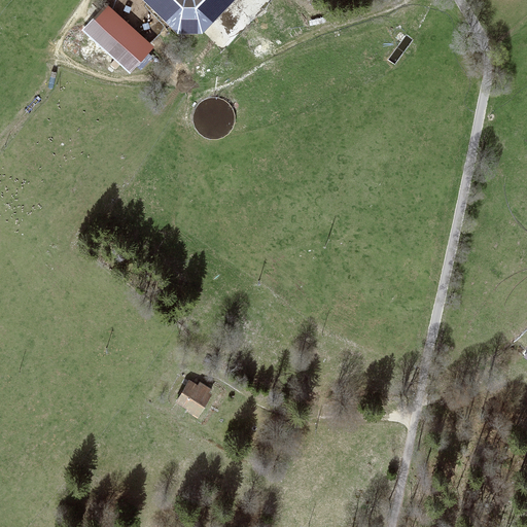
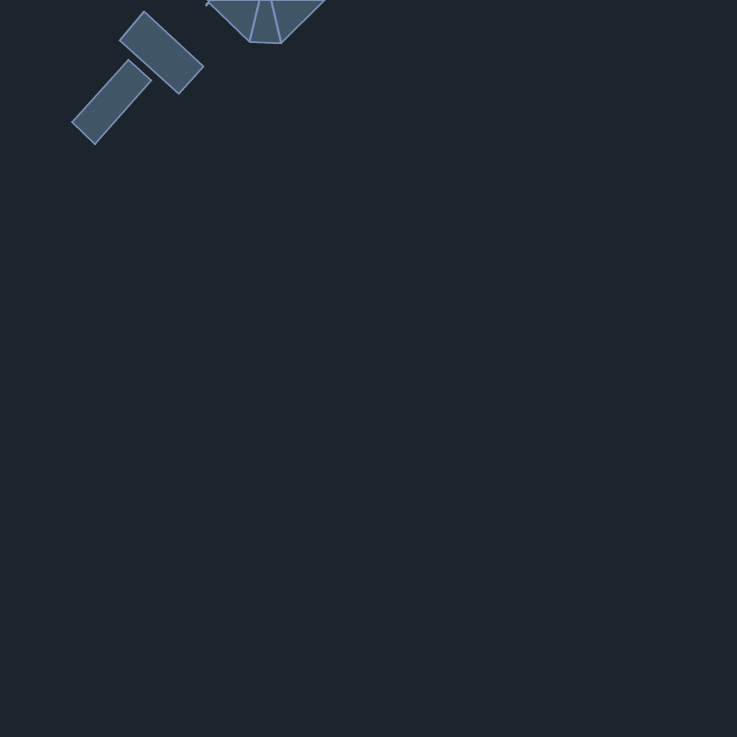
building: none -> [72,60,151,144]
building: [177,381,210,415] -> none

